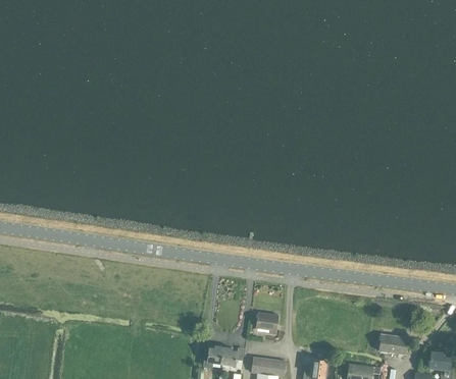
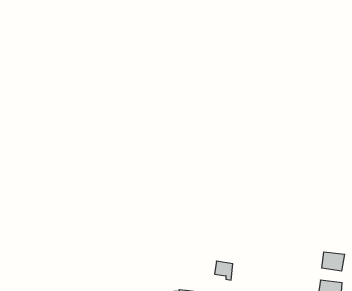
building: none -> [322,252,345,271]

